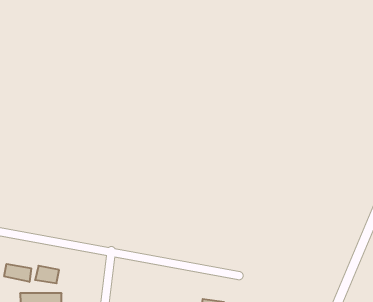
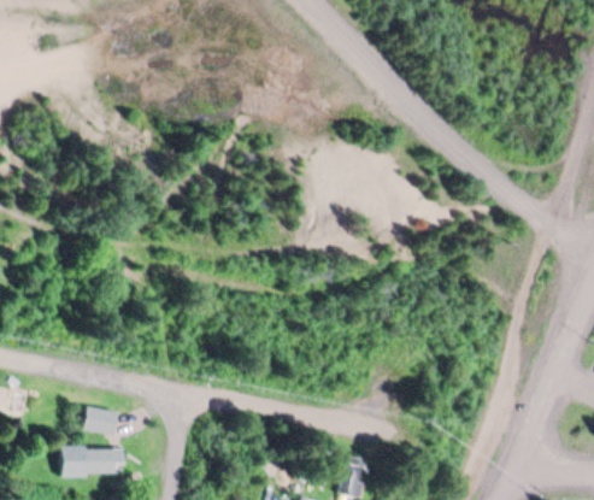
building: [4,264,31,282] -> none

